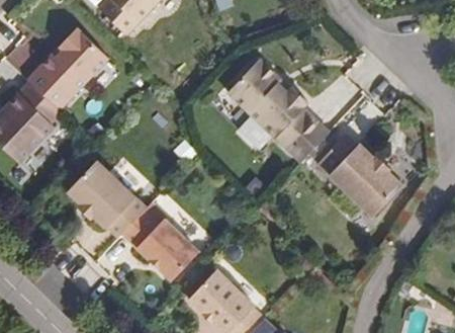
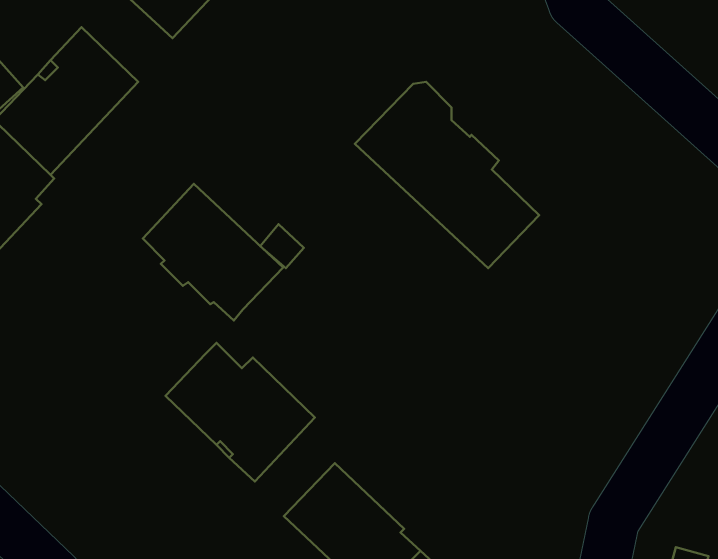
building: [317,135,402,217] -> none
building: [67,163,145,239] -> [143,184,283,321]

